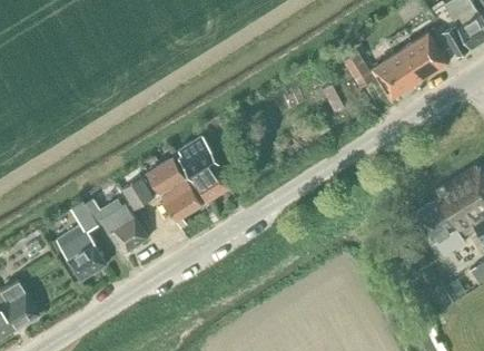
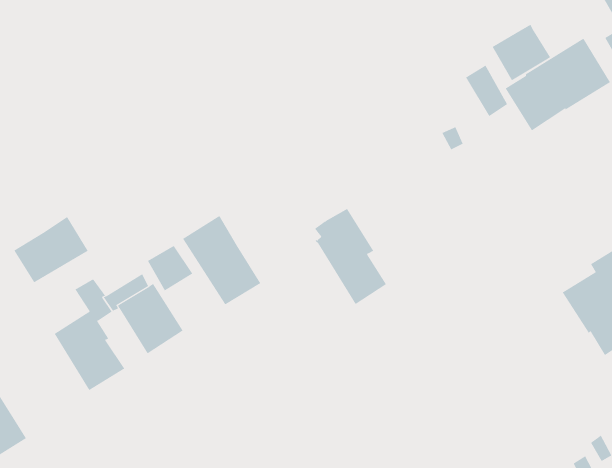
building: none -> [492,24,551,81]
building: [177,134,228,202] -> [314,208,387,305]
building: none -> [14,216,88,283]

